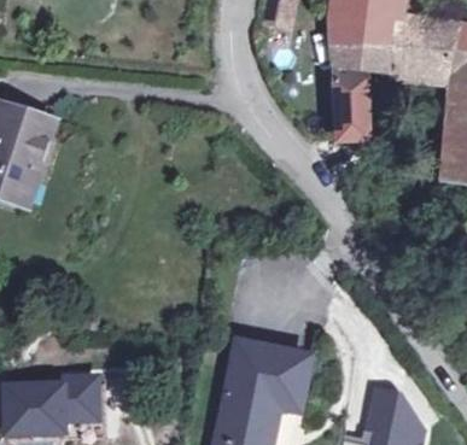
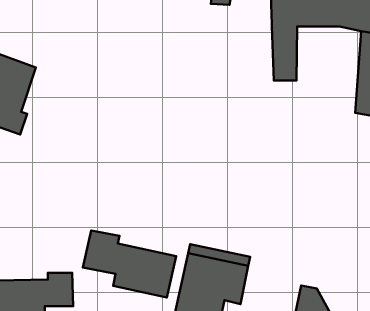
building: none -> [83,230,176,298]

